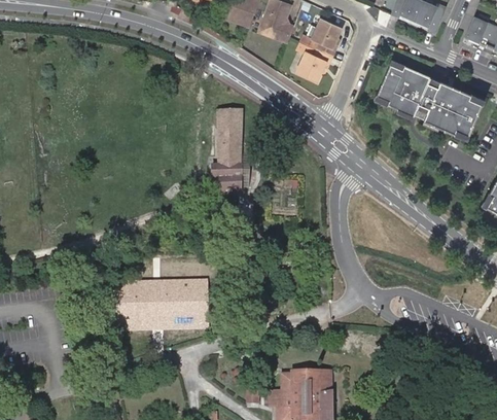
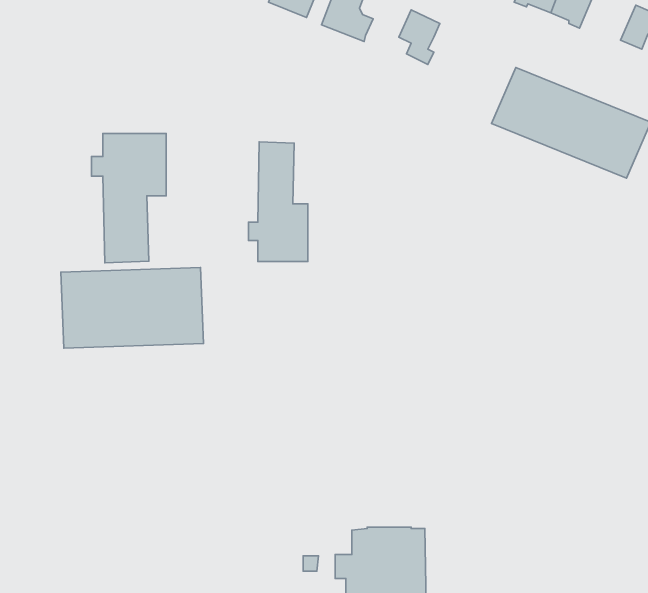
building: [296,50,331,82] -> none
building: none -> [91,133,166,263]
building: [114,278,211,332] -> [61,268,203,348]

